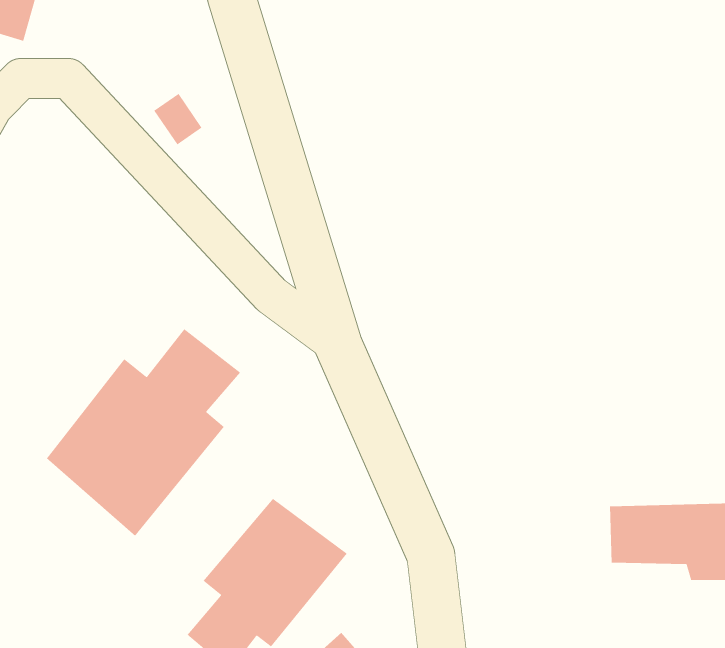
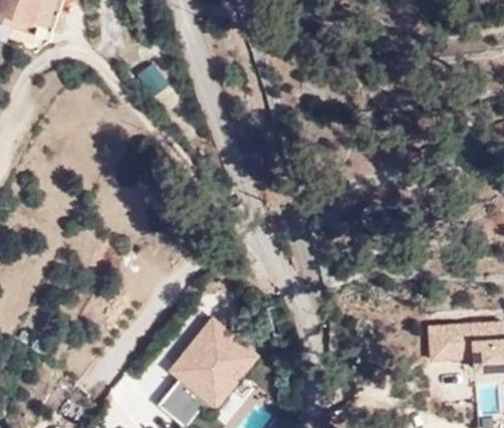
building: [46,328,241,537] -> none

